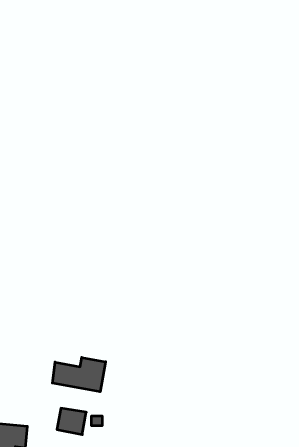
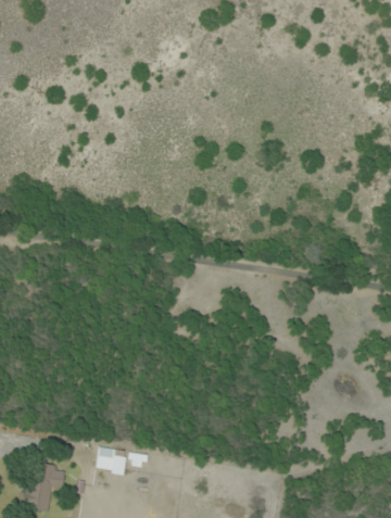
building: [52,357,106,392] -> none

